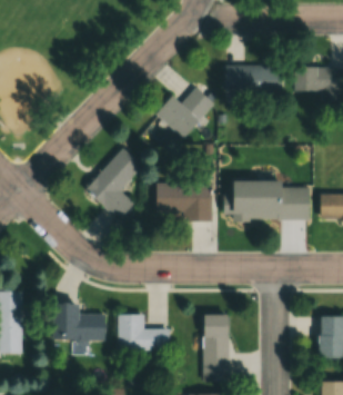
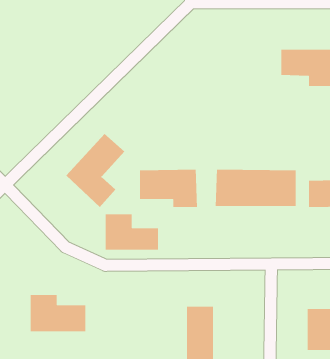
building: [225,66,282,92] -> none
building: [154,87,214,139] -> none
building: [118,315,170,350] -> [105,214,159,250]

